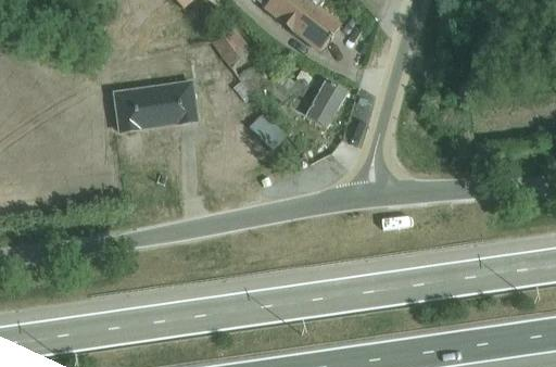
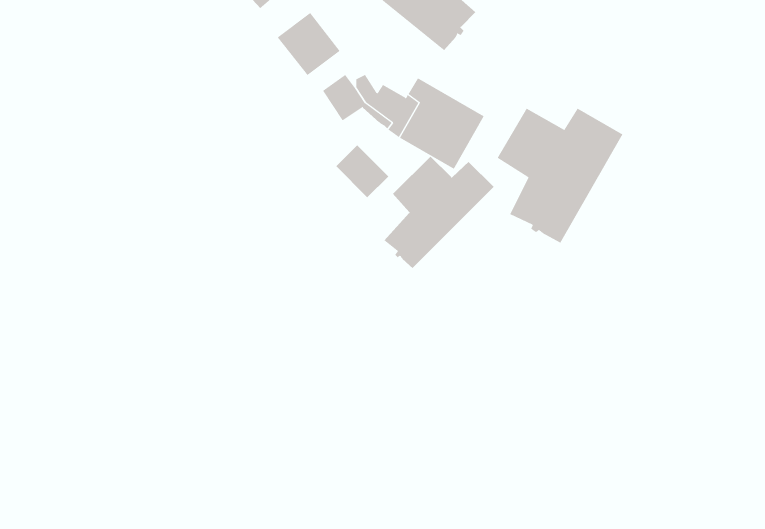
building: [113,79,197,131] -> none
building: none -> [497,108,623,244]
building: none -> [384,156,494,269]

